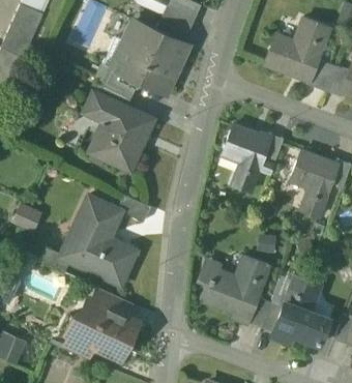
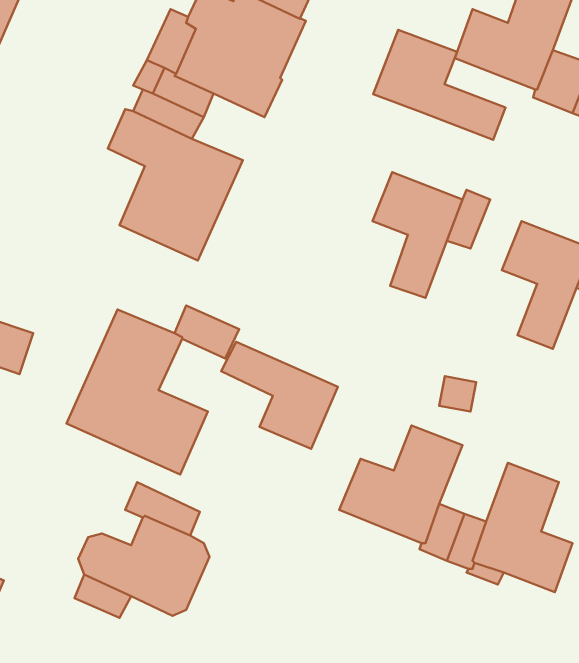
building: none -> [373,30,505,140]
building: none -> [221,342,338,449]

